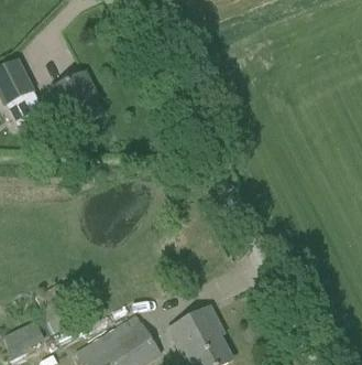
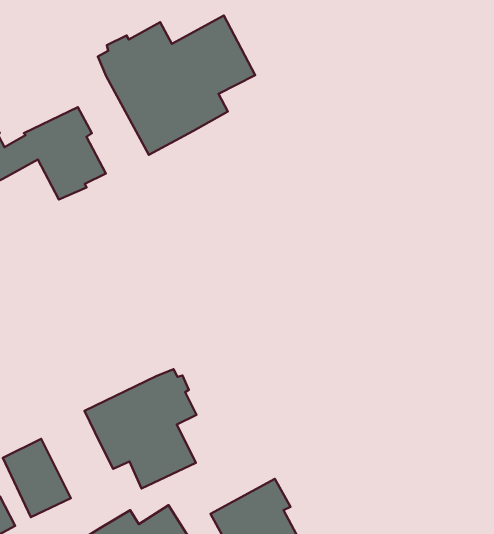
building: none -> [98,15,255,155]
building: none -> [85,369,197,488]

